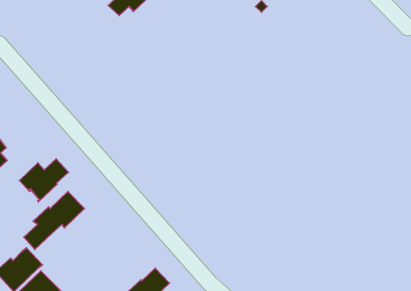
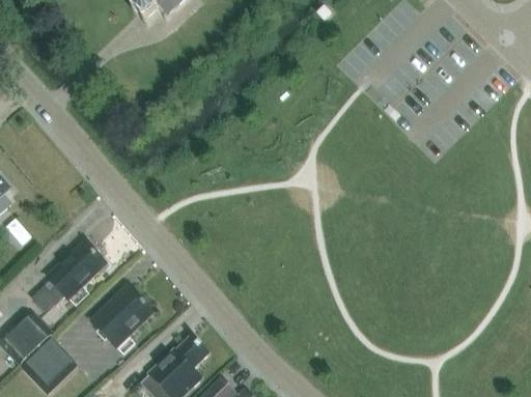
building: [19,159,68,202] -> none
building: none -> [91,290,151,339]

